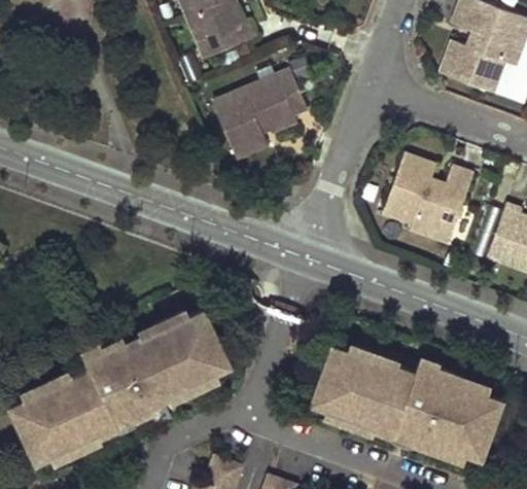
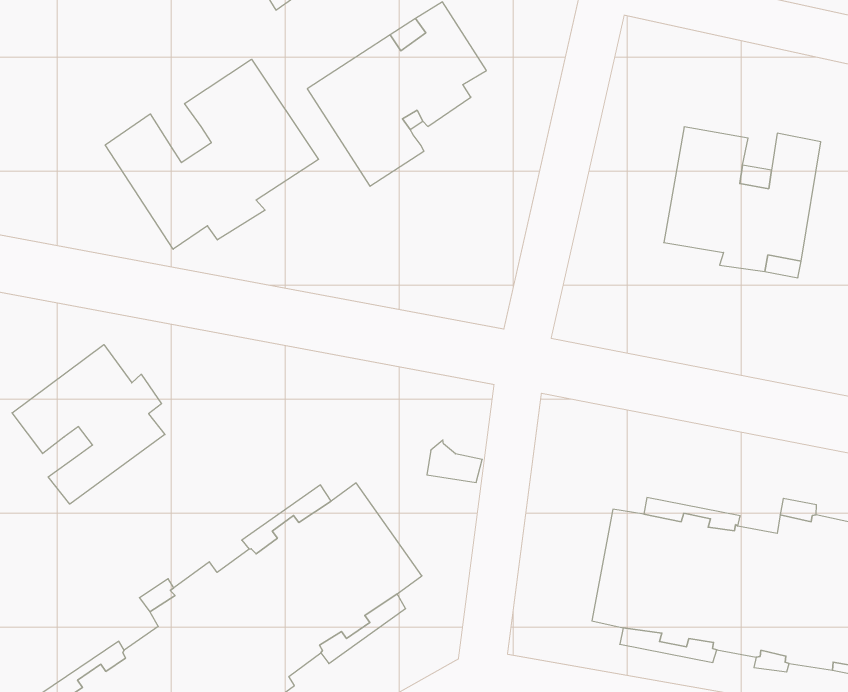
building: none -> [105,59,319,249]
building: none -> [12,345,165,504]

